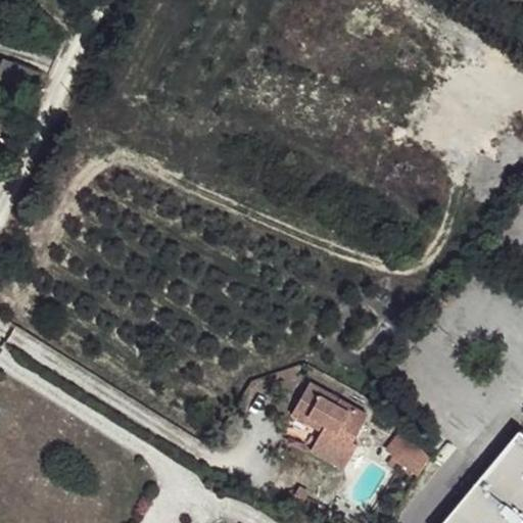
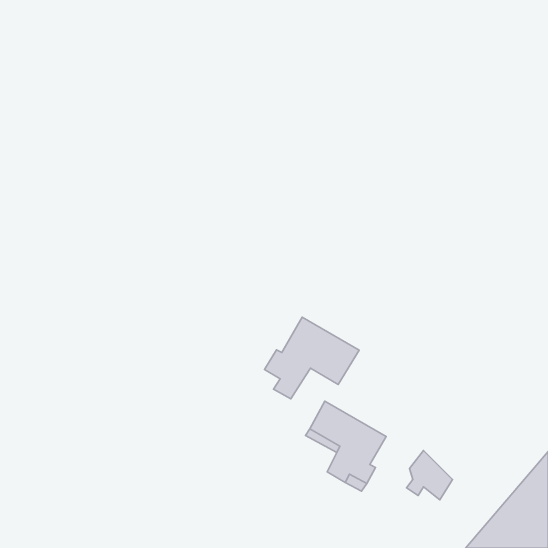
building: none -> [264,317,359,399]

